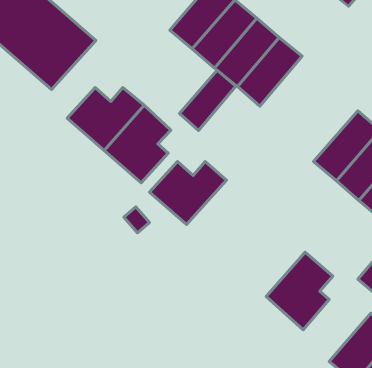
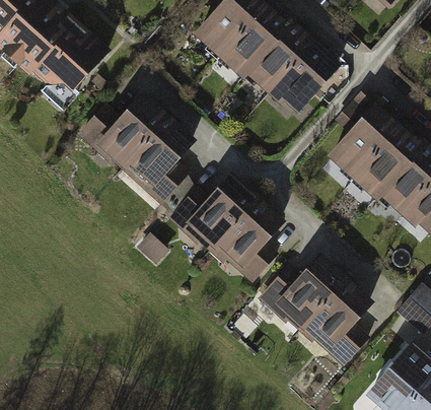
building: [179,70,236,130] -> none
building: none -> [326,101,399,179]
building: none -> [211,199,284,283]
building: none -> [258,258,341,327]

